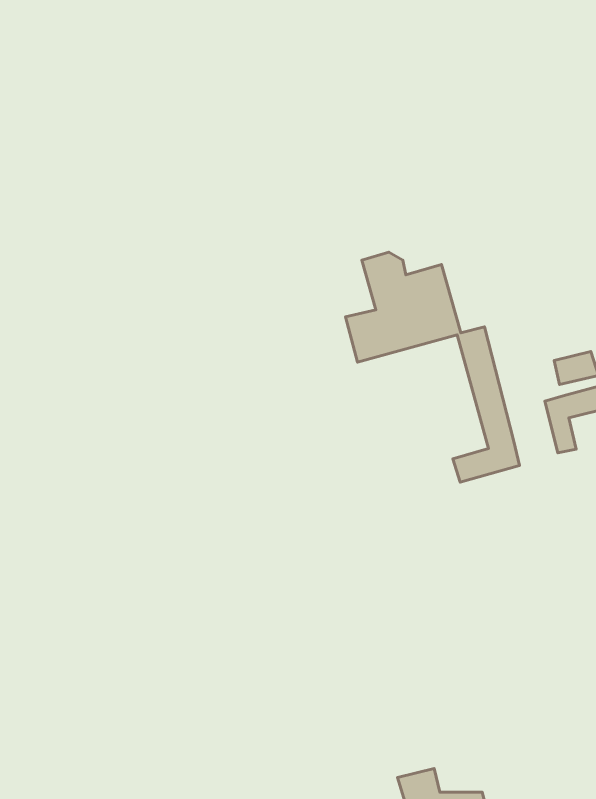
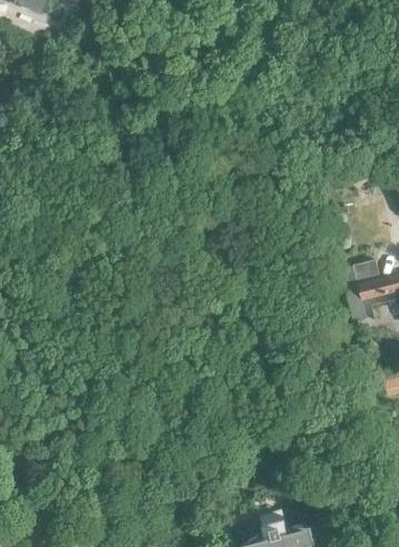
building: [346,252,519,482] -> none

